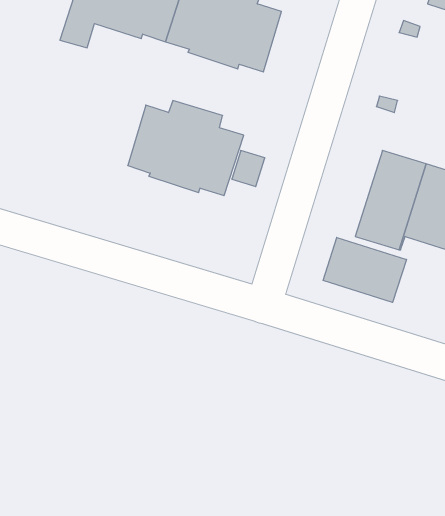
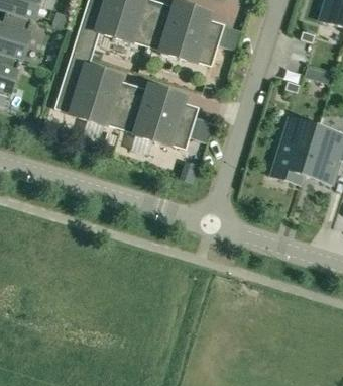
building: none -> [55,43,132,127]
building: [323,237,406,302] -> none

